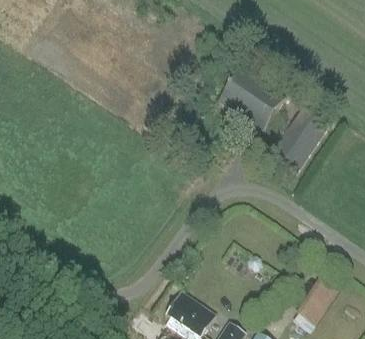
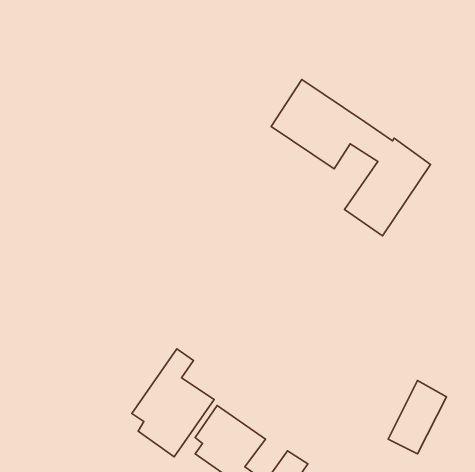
building: none -> [132,349,214,457]

